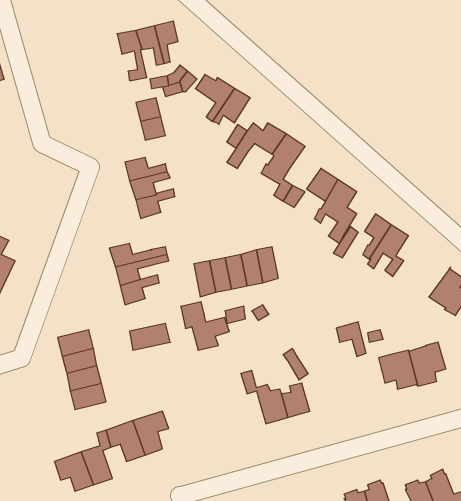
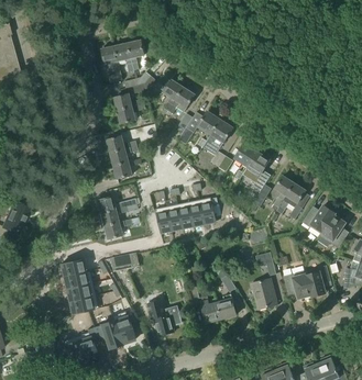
building: none -> [303,205,336,233]
building: [181,302,229,350] -> [147,302,182,336]
building: none -> [252,279,275,309]

